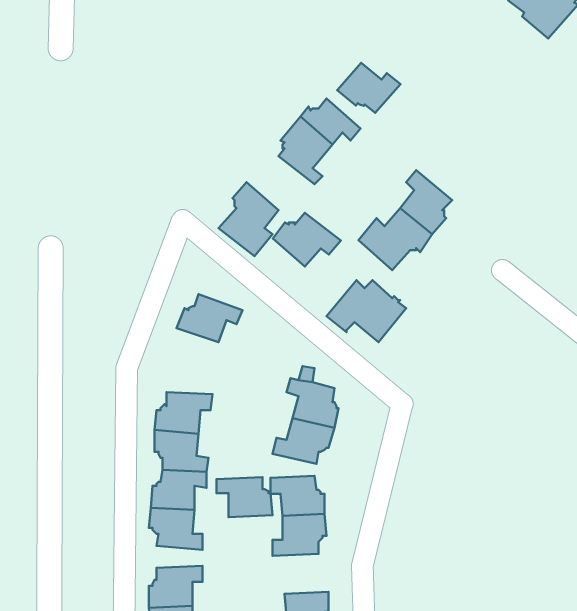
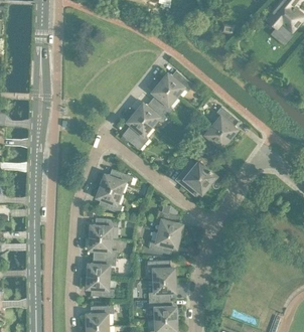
building: [337,63,400,113] -> none
building: [273,213,341,267] -> [135,99,169,126]
building: none -> [97,185,122,213]
building: [217,477,272,517] -> [148,299,176,319]

